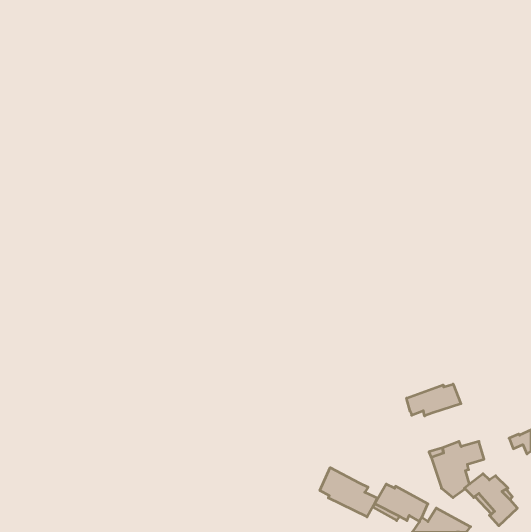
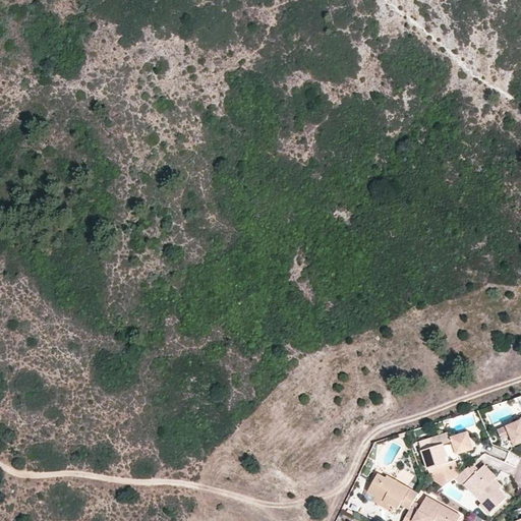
building: [407,384,461,416] -> none
building: [320,468,378,517] -> none

